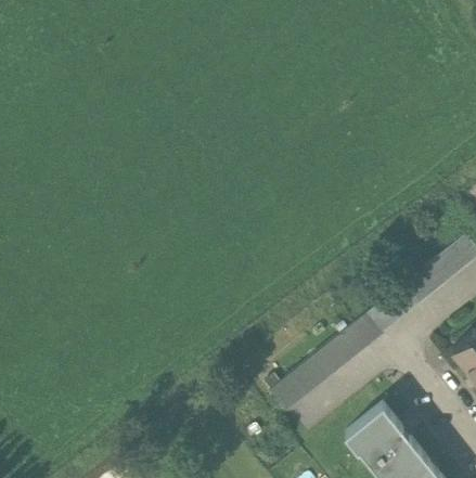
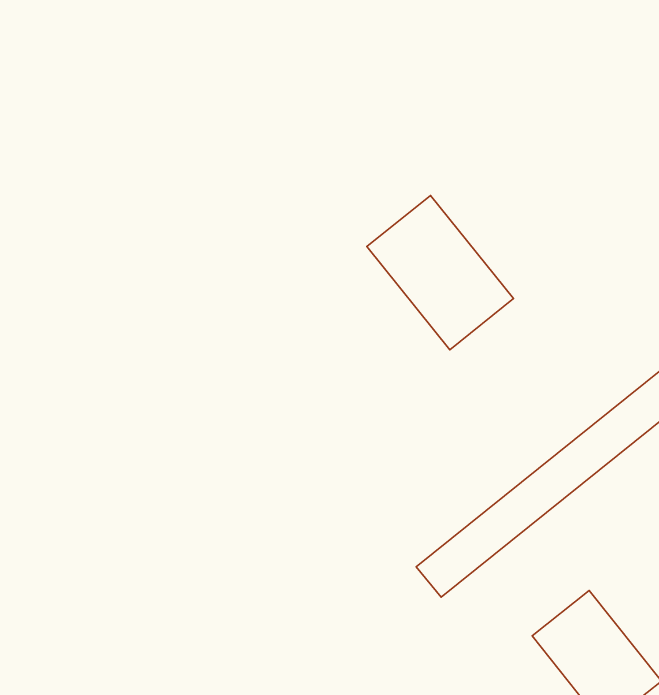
building: none -> [367,195,513,350]

